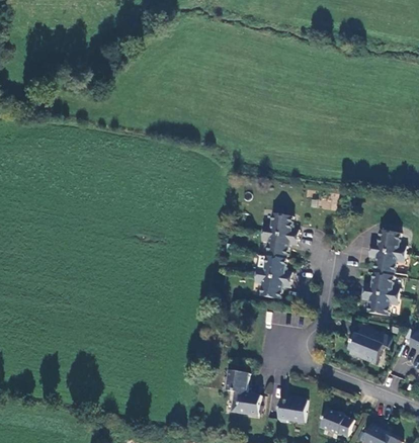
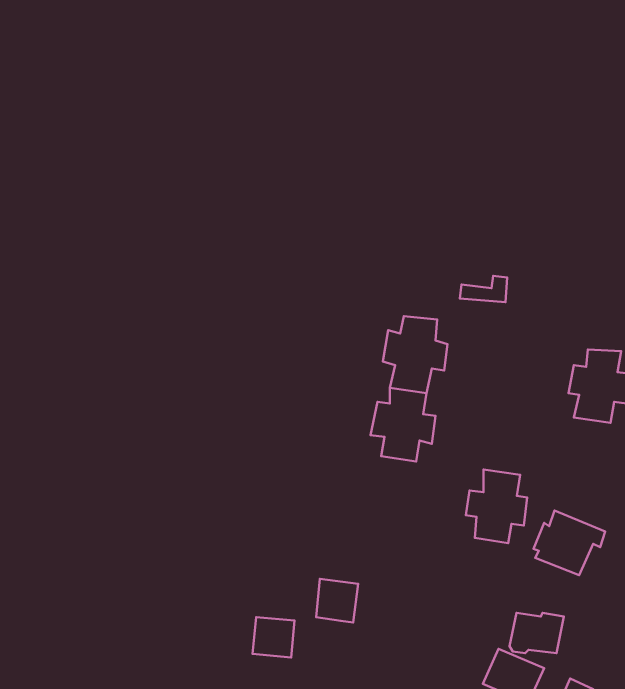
building: [362,272,398,315] -> [466,469,527,543]
building: [236,389,260,413] -> [253,617,295,657]
building: [276,396,308,420] -> [509,613,564,653]

